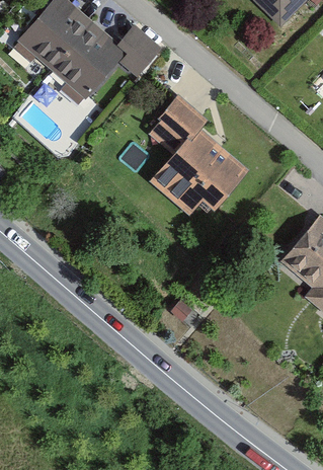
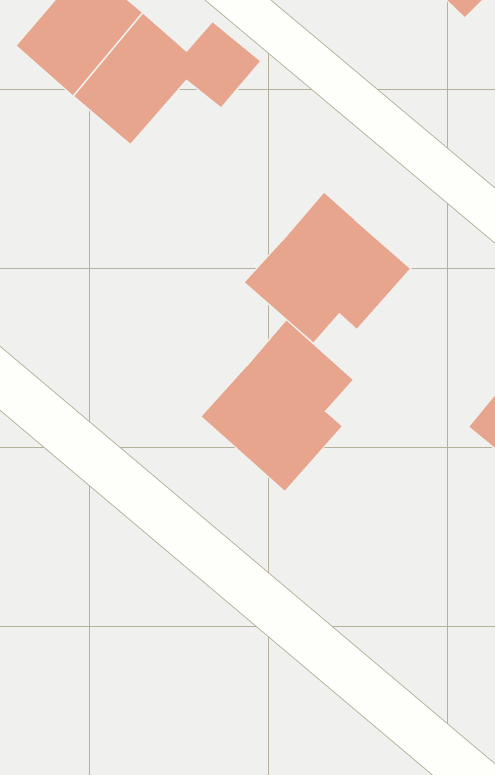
building: [150,97,205,154] -> none
building: none -> [201,320,353,491]

